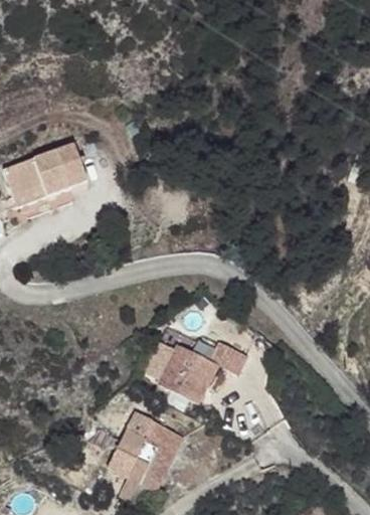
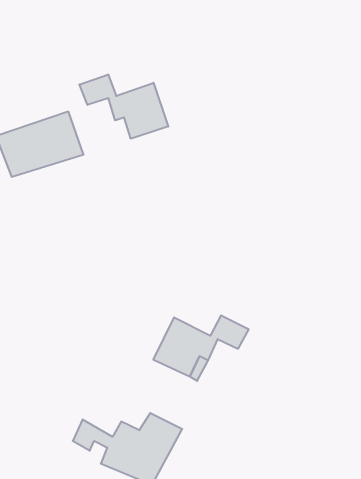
building: none -> [79,74,168,139]

